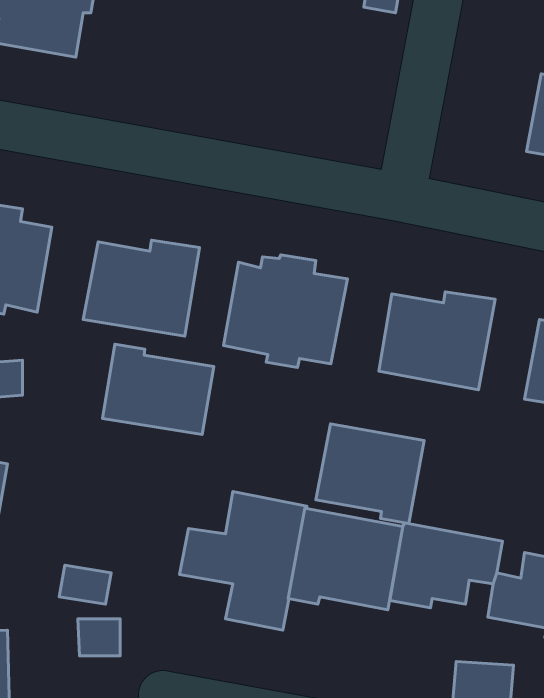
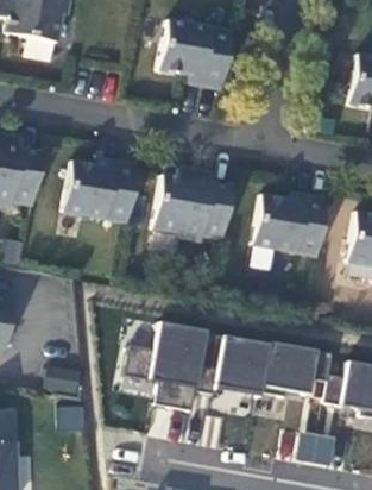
building: none -> [159,18,233,87]
building: [103,344,214,435] -> none
building: [316,424,424,524] -> none

